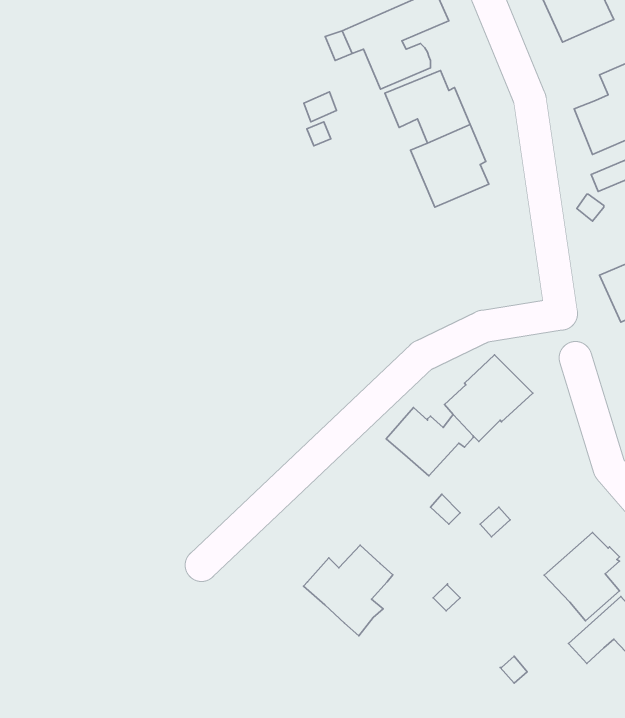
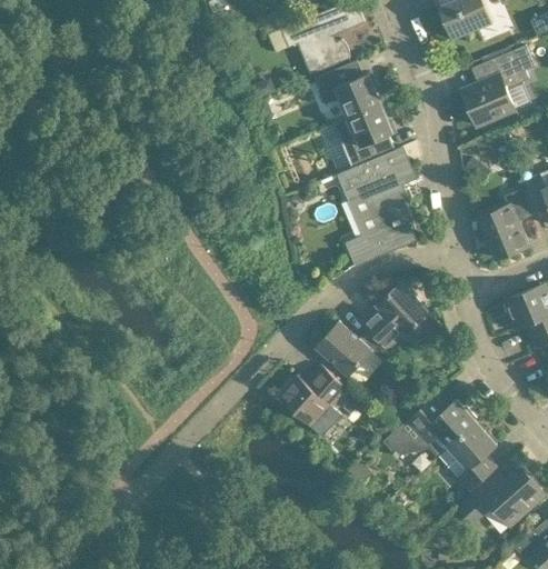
building: none -> [339,151,416,264]
building: none -> [385,397,478,456]
building: [303,545,393,636] -> [279,366,349,437]

